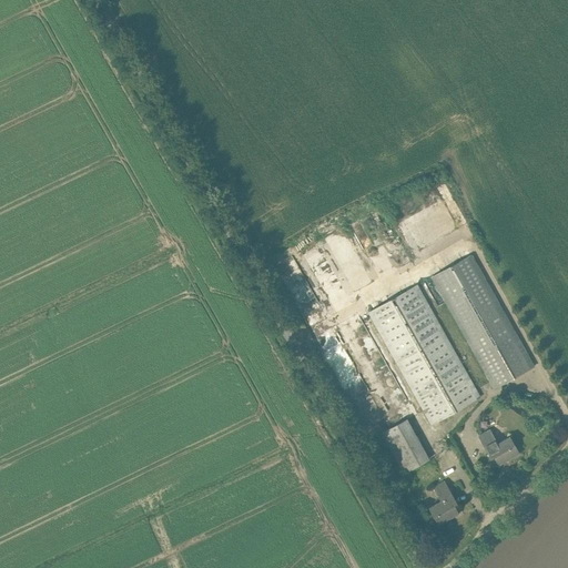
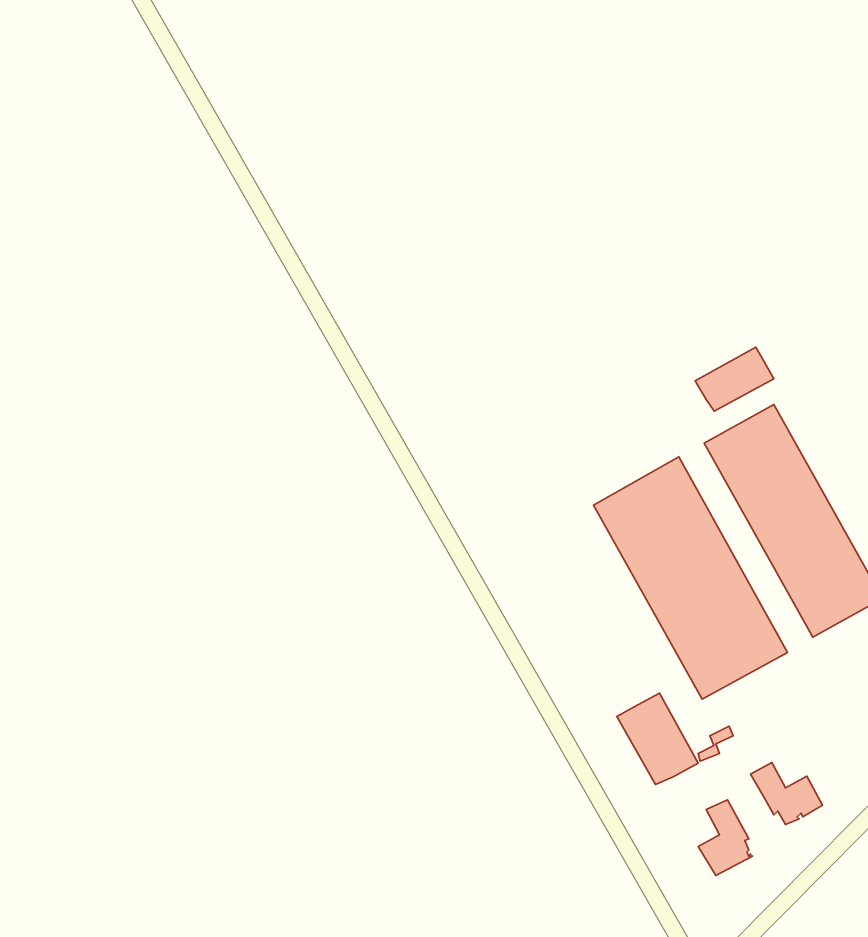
building: none -> [695,347,774,411]
building: [479,428,520,464] -> [751,763,822,825]

